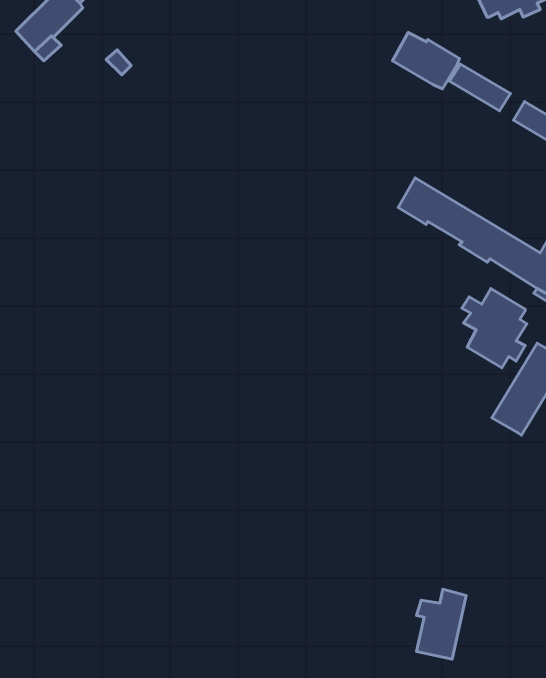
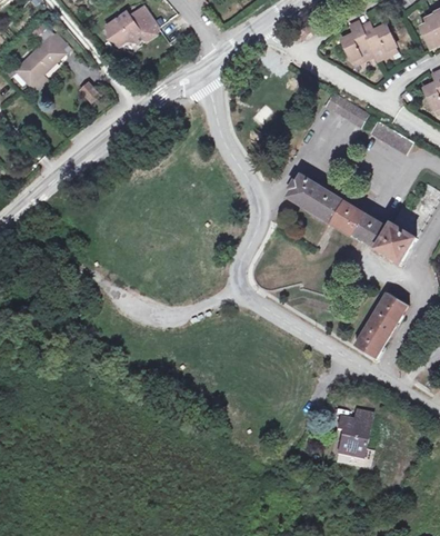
building: [393,32,460,89] -> none
building: [462,288,527,368] -> none
building: [416,589,466,659] -> [337,409,372,459]

